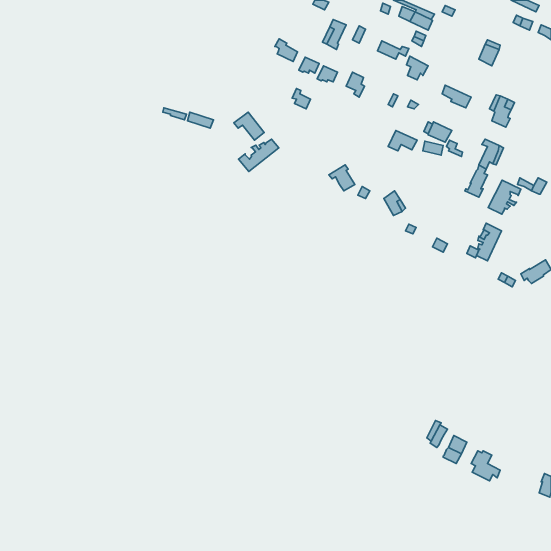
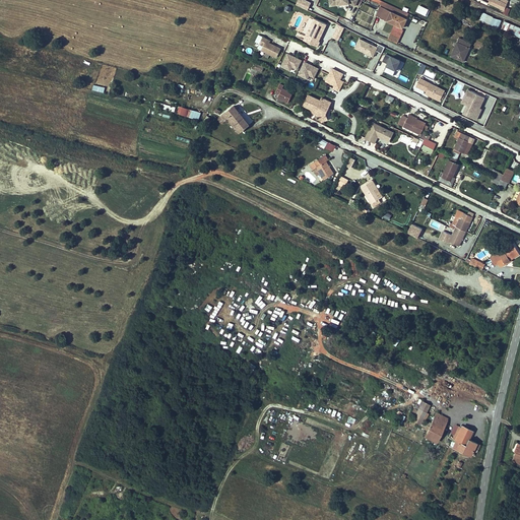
building: none -> [304,94,331,122]
building: [239,139,279,171] -> none
building: [488,180,521,214] -> none

